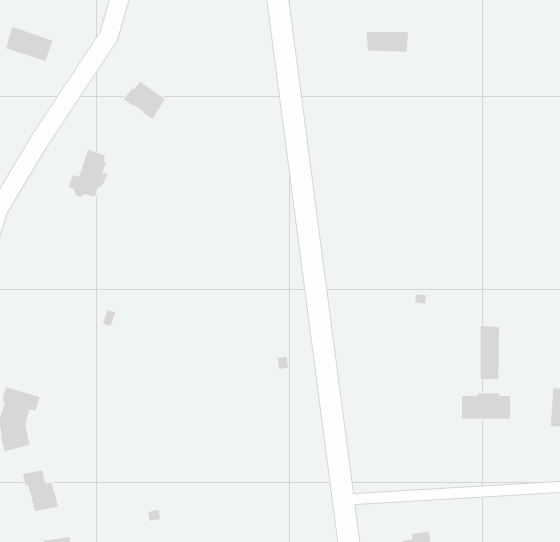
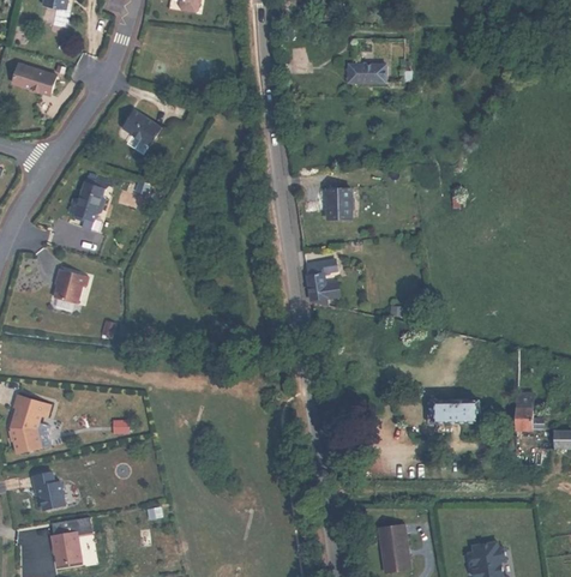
building: none -> [324,190,348,218]
building: none -> [303,258,344,305]
building: none -> [56,268,91,303]
building: [480,325,500,380] -> none

